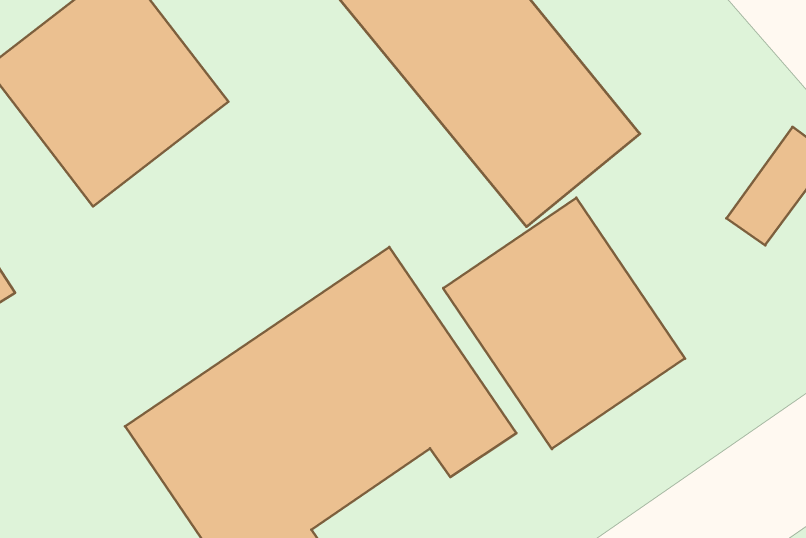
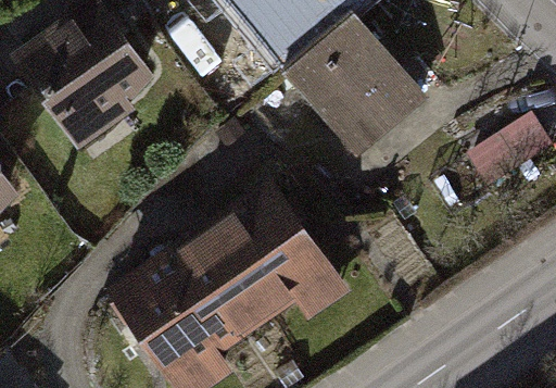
building: [443,198,685,449] -> none

